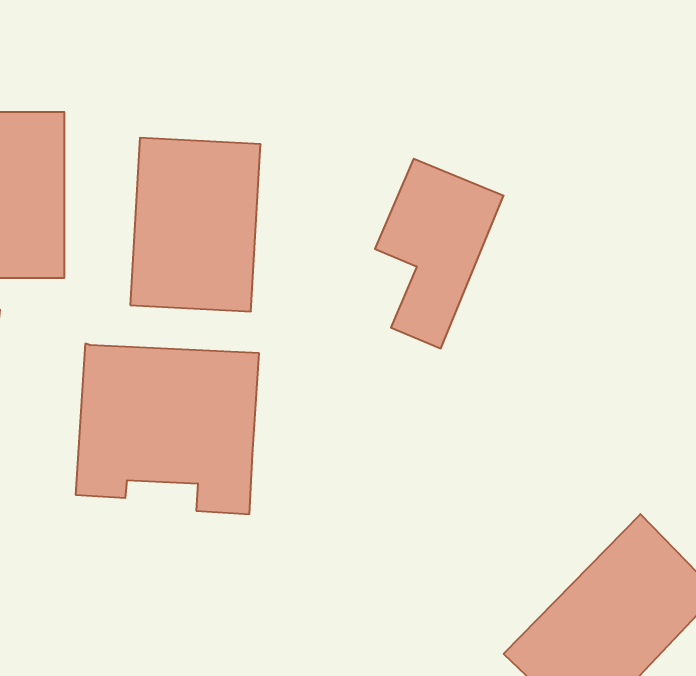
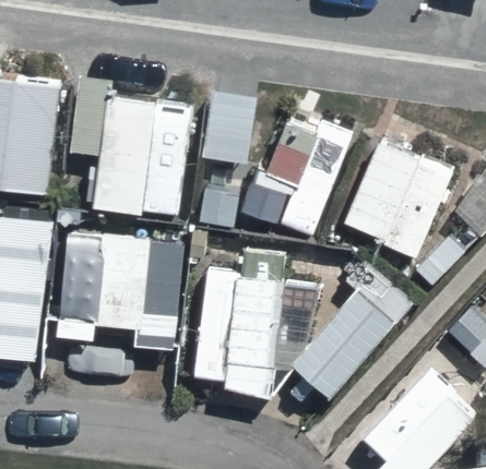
building: none -> [345,143,453,261]
building: none -> [193,248,291,401]
building: none -> [292,261,413,398]

